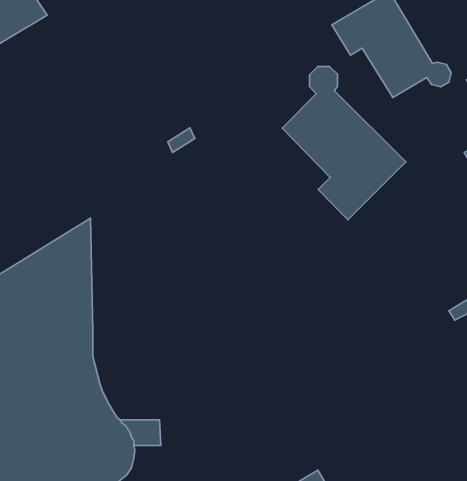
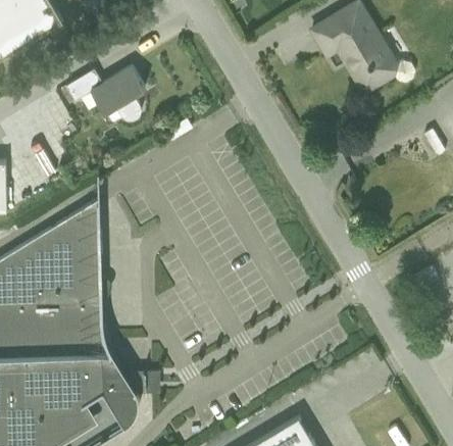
building: [282,66,406,220] -> none
building: none -> [64,65,143,121]

